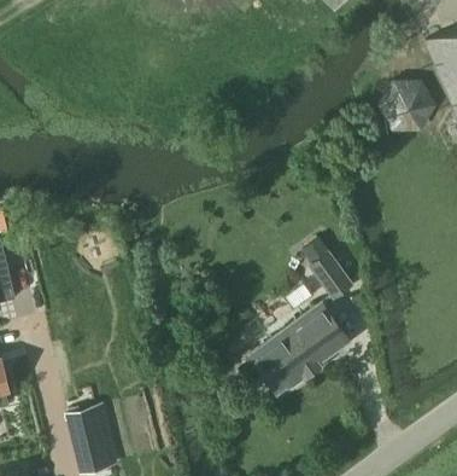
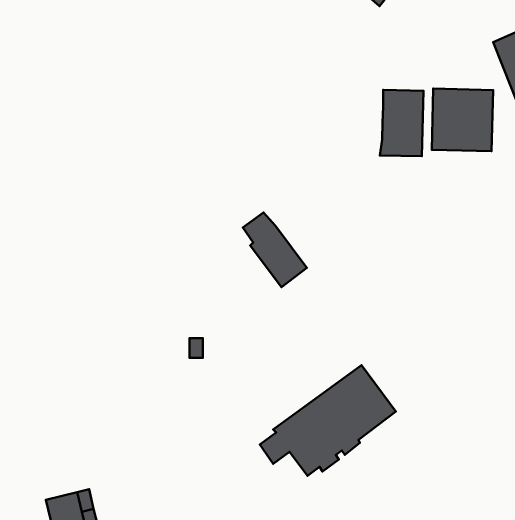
building: none -> [380,90,423,156]
building: [301,239,353,300] -> [243,212,307,287]

